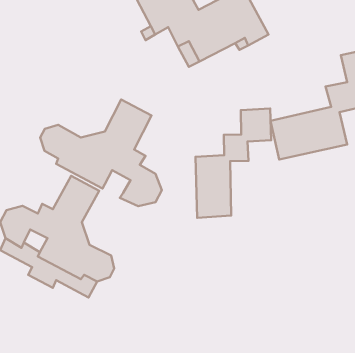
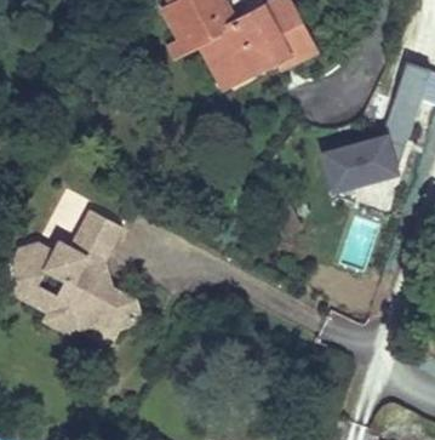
building: [40,100,162,206] -> none
building: [196,108,271,218] -> none

